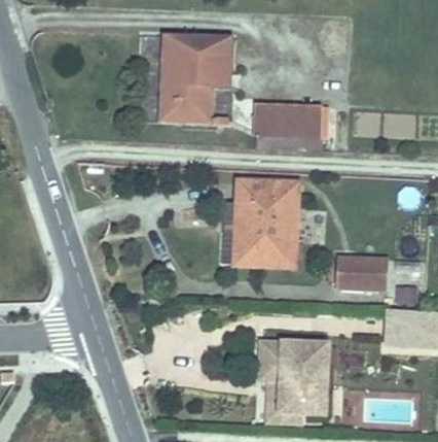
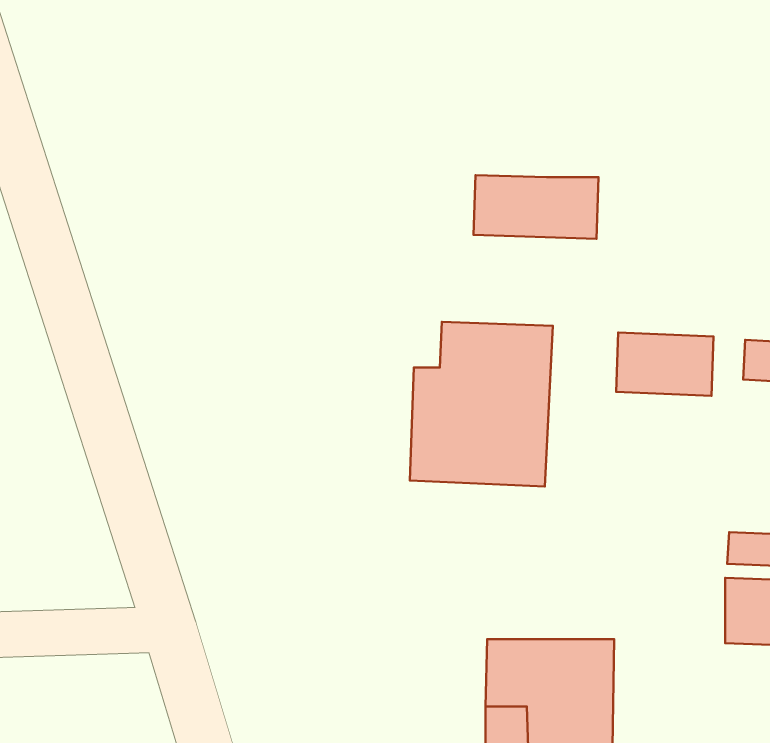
building: [162,45,217,123] -> none
building: [338,257,389,290] -> [616,332,713,396]

